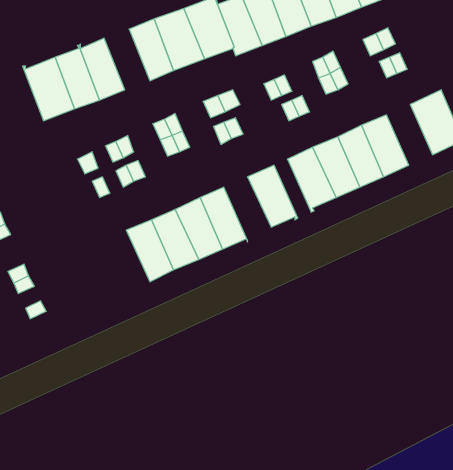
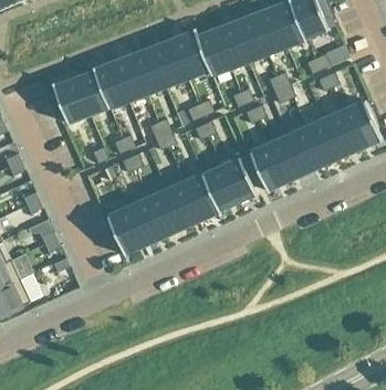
building: none -> [113,55,147,101]
building: none -> [324,112,358,157]
building: none -> [202,166,238,213]
building: none -> [107,205,147,256]

